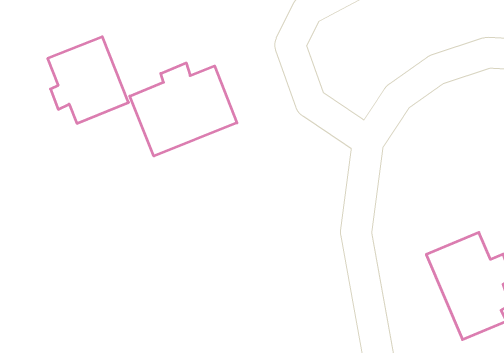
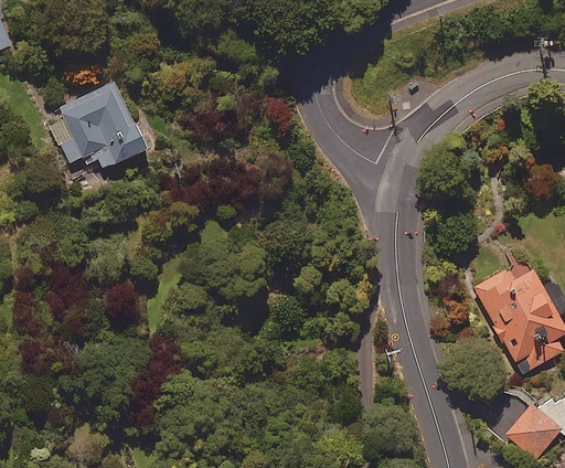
building: [130,63,237,156] -> none

